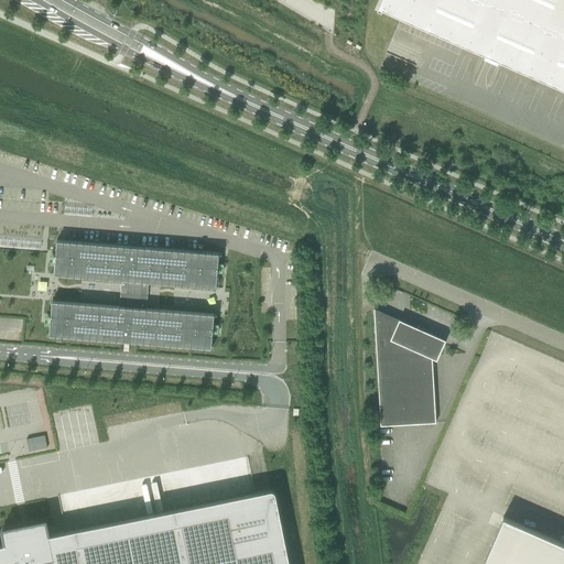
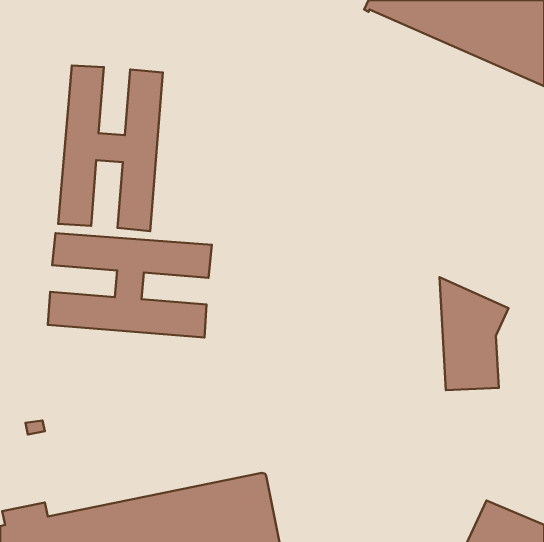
building: none -> [58,65,163,231]
building: [375,311,446,427] -> [439,277,509,390]

